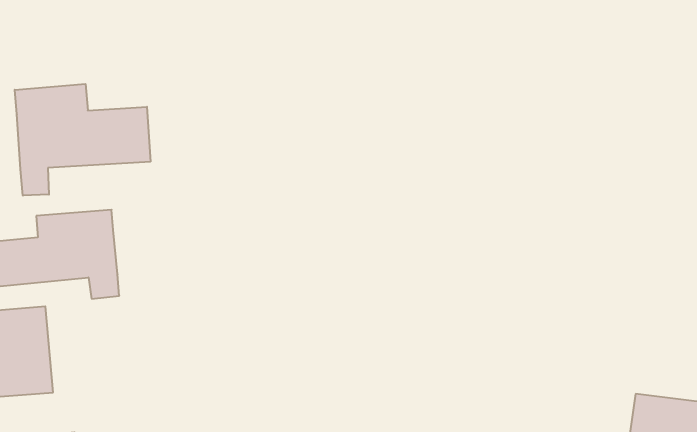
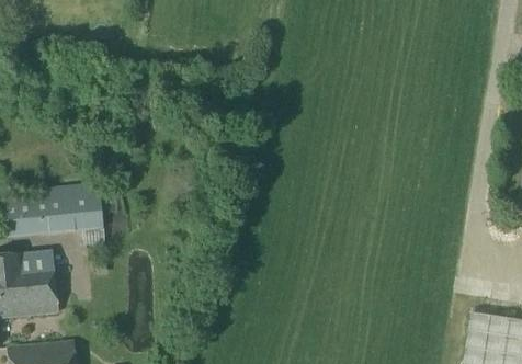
building: [15,84,150,196] -> none

